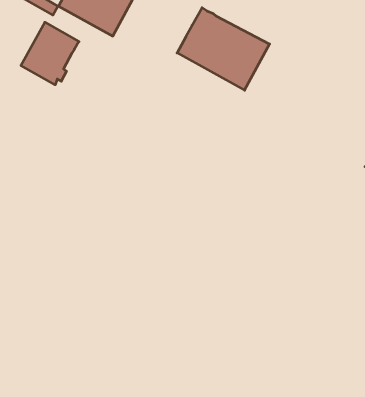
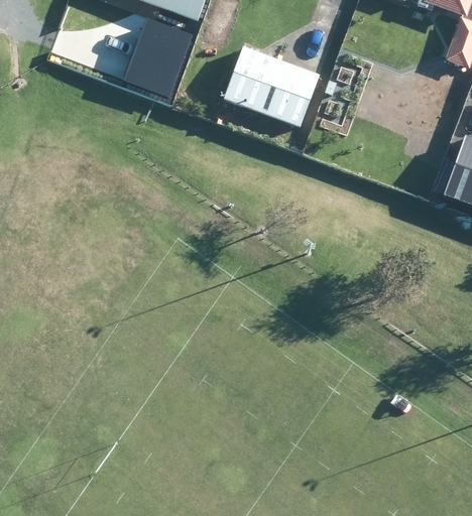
building: [21,22,79,85] -> none

